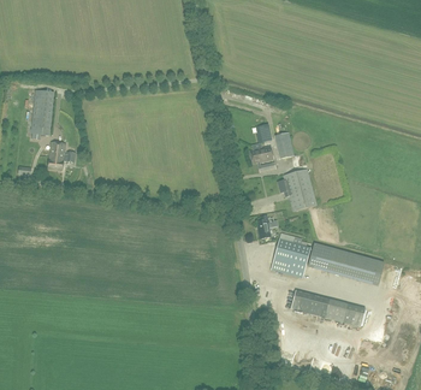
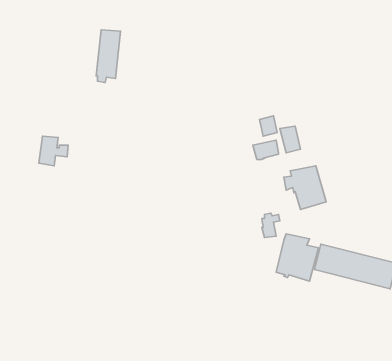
building: [31,89,54,138] -> [96,30,121,82]
building: [291,289,366,325] -> none

